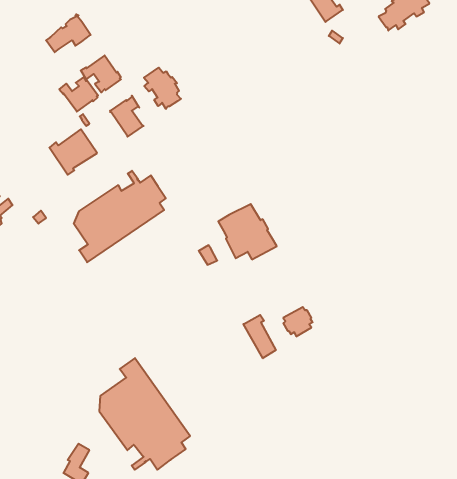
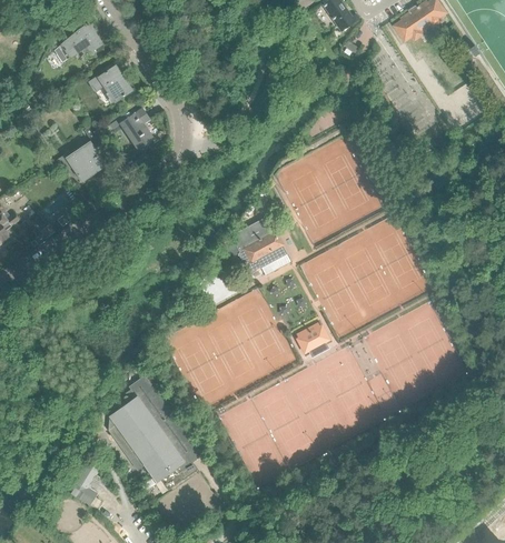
building: [144,68,181,109] -> none
building: [59,77,98,112] -> none
building: [74,171,166,262] -> none
building: [243,315,276,358] -> none

